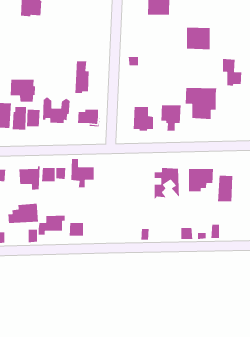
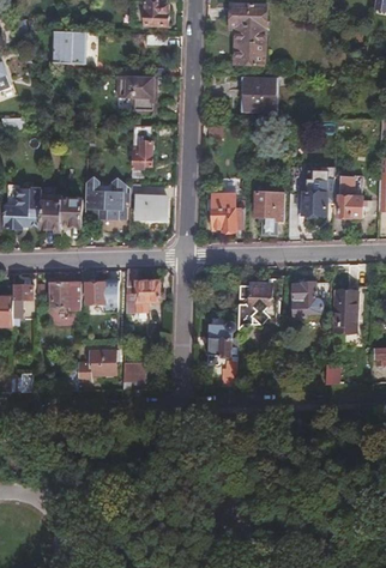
building: none -> [113,75,155,114]
building: [186,27,210,50] -> [242,77,277,110]
building: [222,58,242,87] -> [333,176,362,217]
building: [10,79,36,103] -> none
building: none -> [209,324,239,363]
building: [7,203,39,224] -> none

